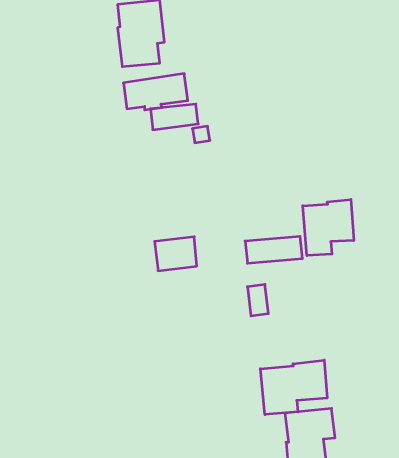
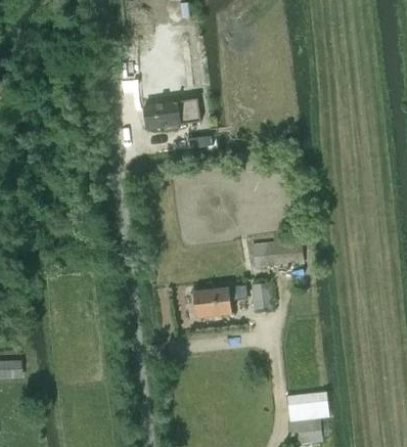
building: [303,199,354,256] -> none
building: [155,237,197,271] -> [193,287,230,317]
building: [260,360,327,415] -> none

